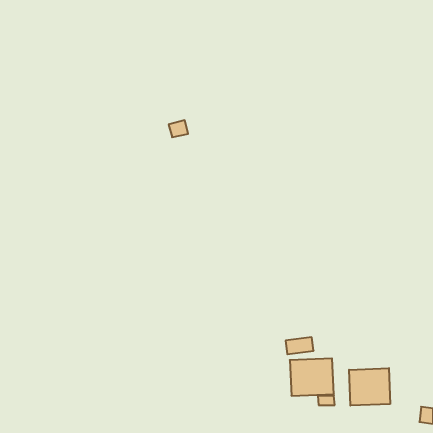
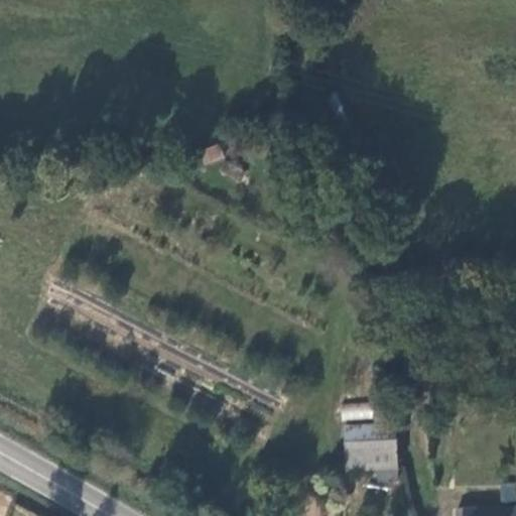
building: [349,368,390,406] -> none

